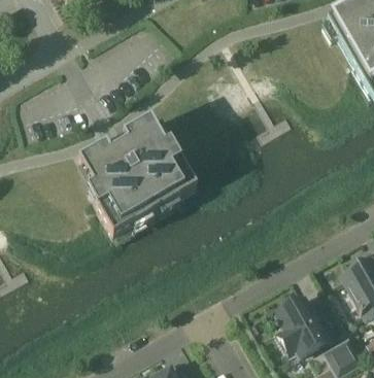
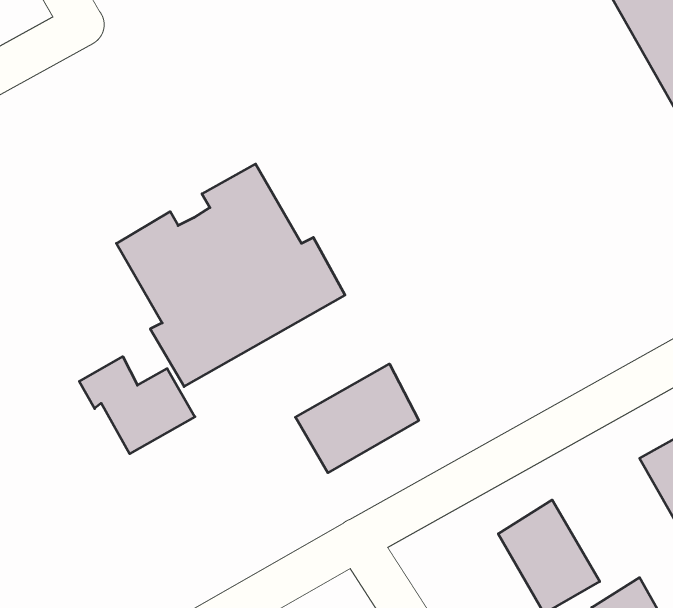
building: none -> [79,357,195,454]
building: none -> [295,364,419,473]

